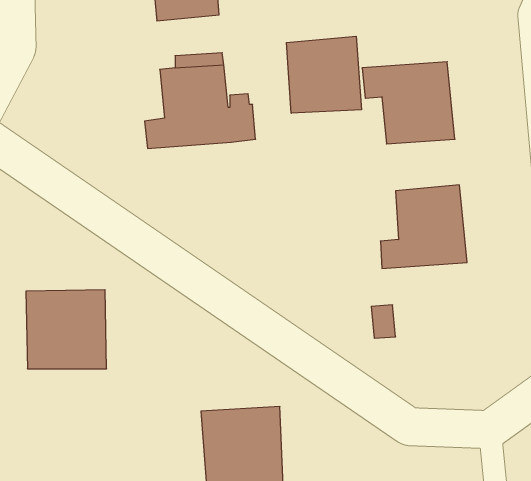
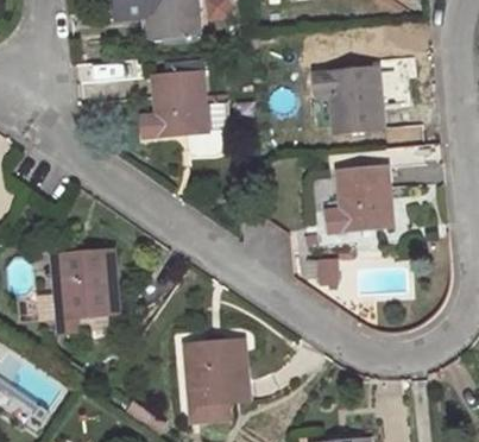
building: [286,36,361,113] -> none

